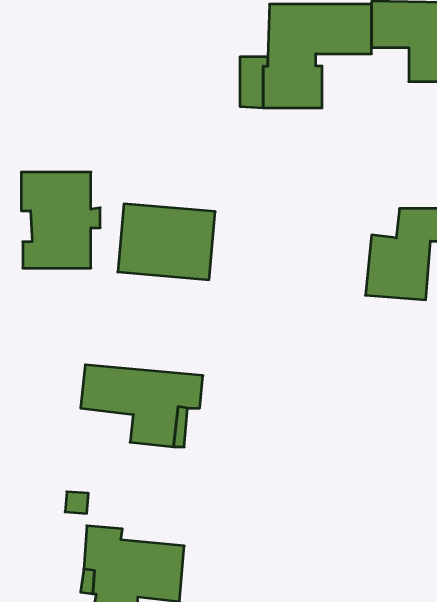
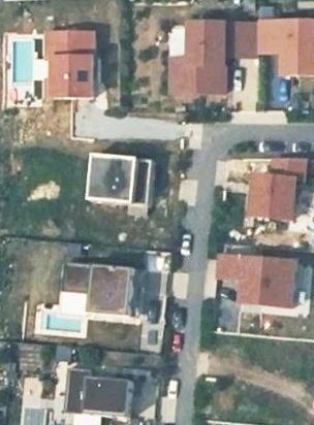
building: [21,172,100,268] -> [44,31,97,95]
building: none -> [215,256,296,308]

